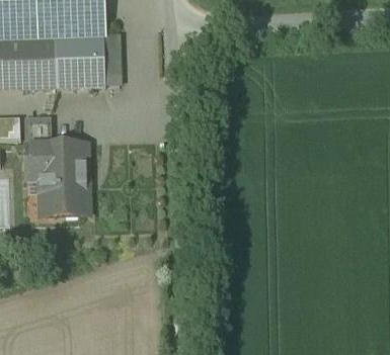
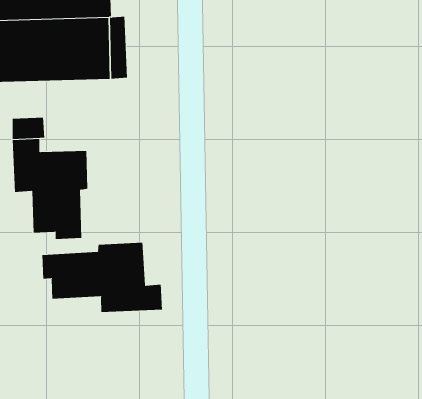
building: none -> [42,242,162,313]

